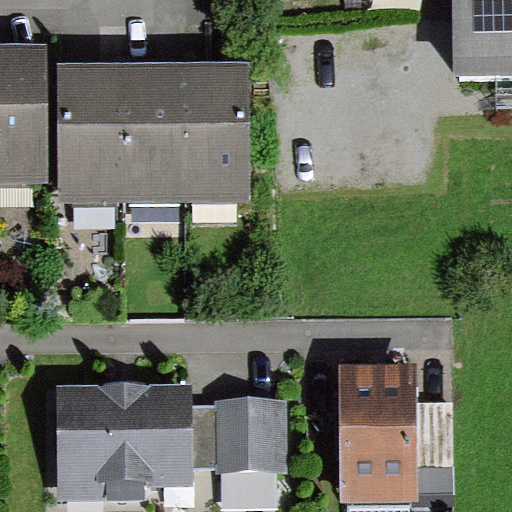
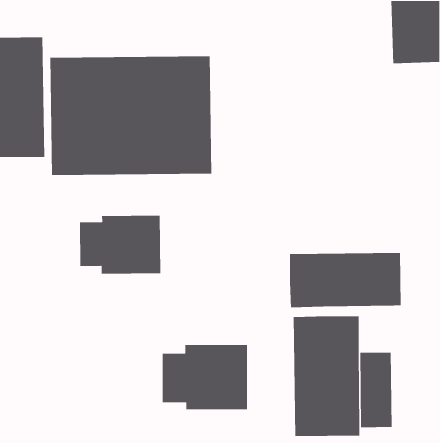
building: none -> [79,215,161,274]
building: none -> [289,252,402,308]
building: [56,385,187,498] -> none

